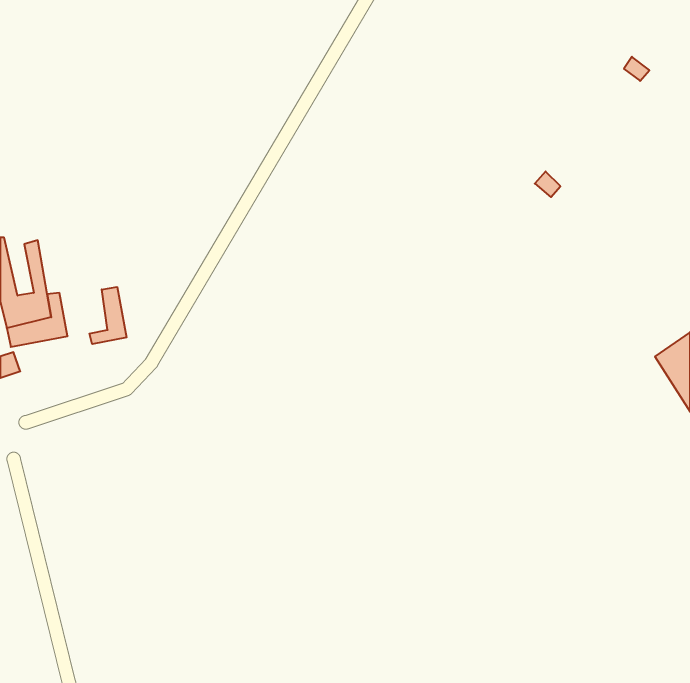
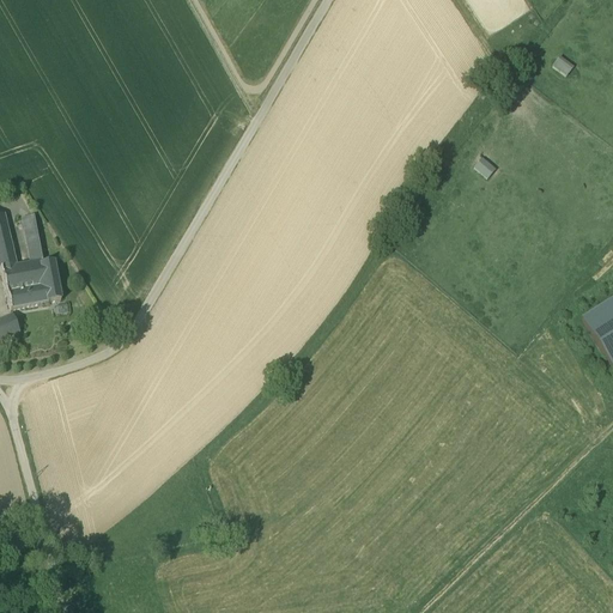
building: [89,287,127,344] -> none

